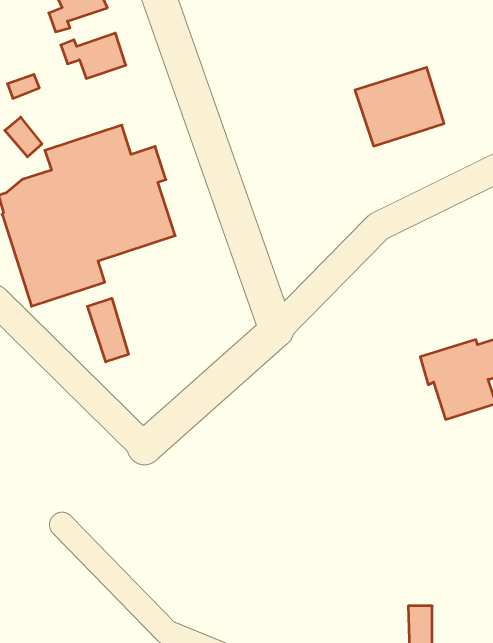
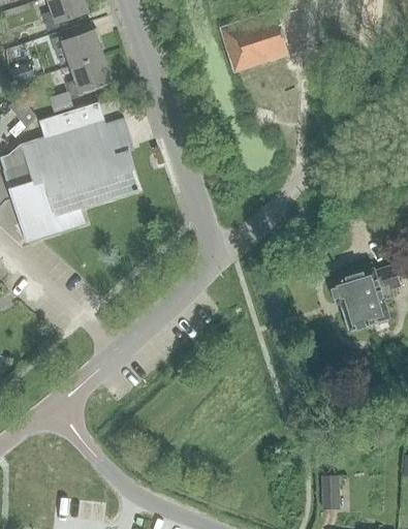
building: none -> [65,56,111,99]
building: [355,67,444,146] -> [221,10,290,71]
building: [87,298,129,362] -> none

